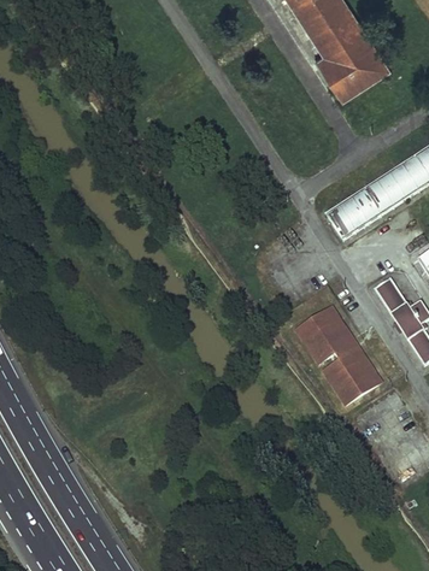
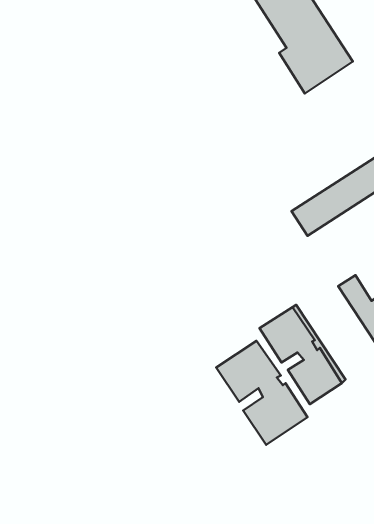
building: none -> [216,341,307,445]

